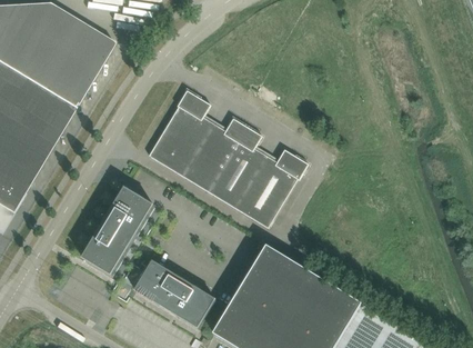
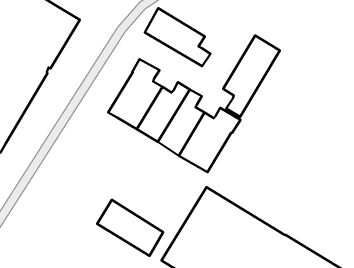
building: none -> [145,8,210,66]
building: none -> [223,36,280,117]
building: [82,188,153,275] -> none

